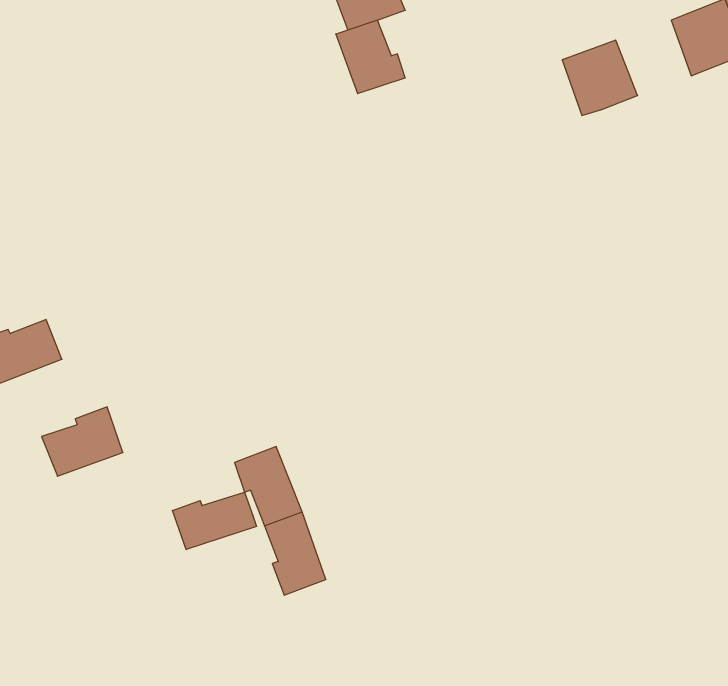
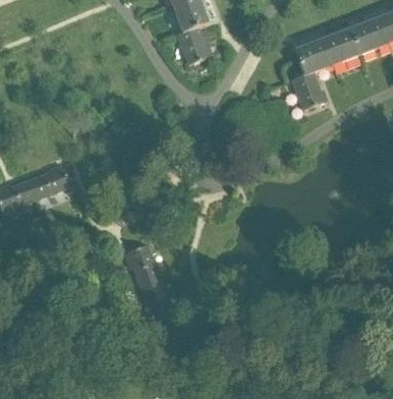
building: none -> [321,27,359,66]
building: none -> [292,73,328,112]
building: [42,407,123,476] -> [29,166,70,202]
building: [172,492,257,550] -> none

